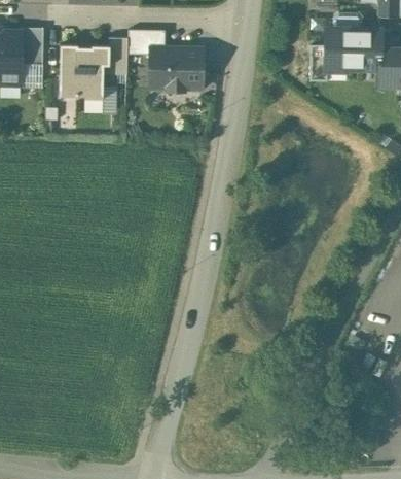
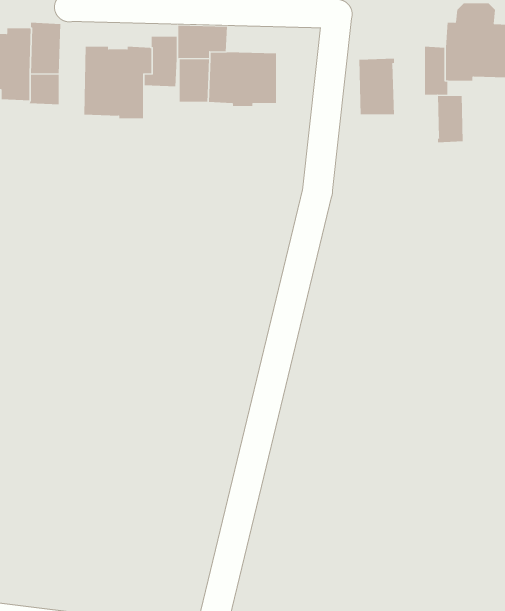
building: none -> [359,58,394,115]
building: none -> [437,95,463,143]

